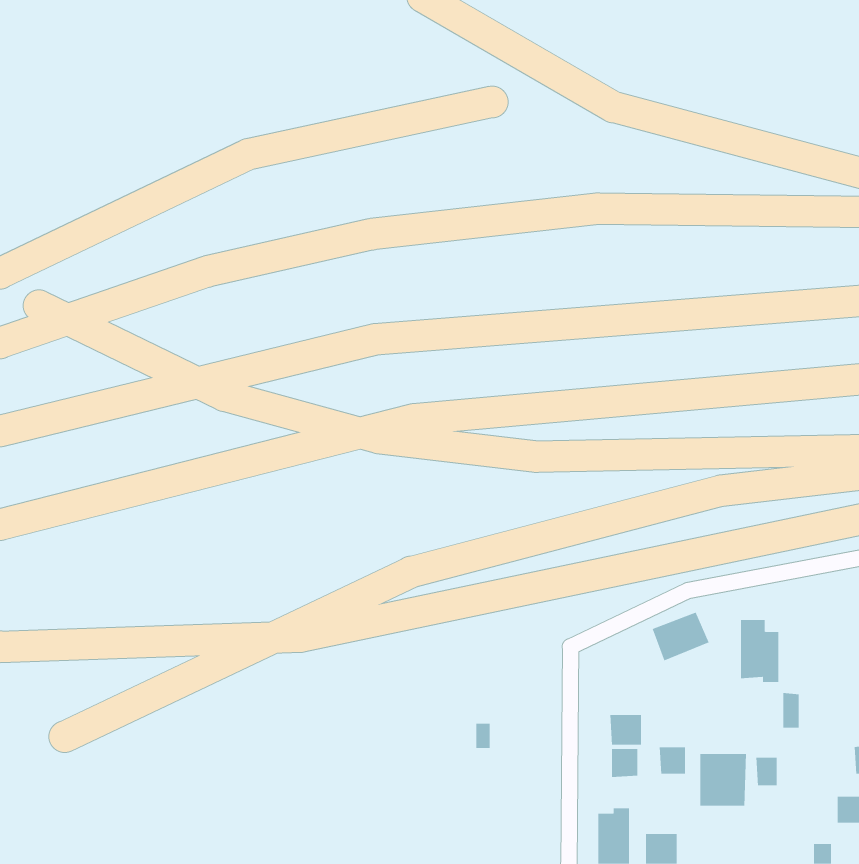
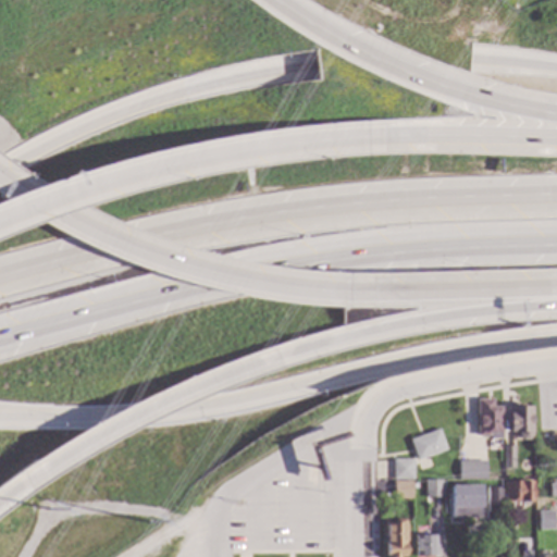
building: [652,612,710,661] -> [412,428,449,459]
building: none -> [512,405,536,438]
building: none -> [461,459,490,478]
building: none -> [507,479,535,500]

